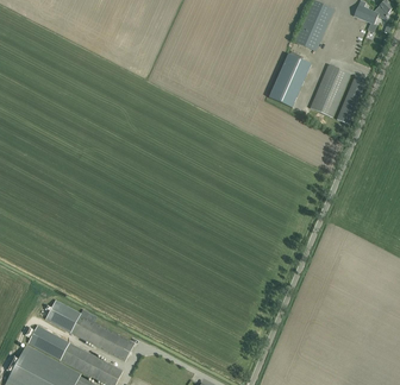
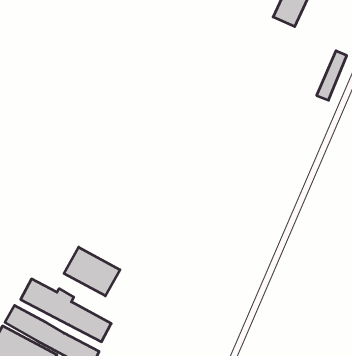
building: [268,53,311,107] -> none
building: [310,64,350,118] -> none
building: none -> [64,247,120,296]

